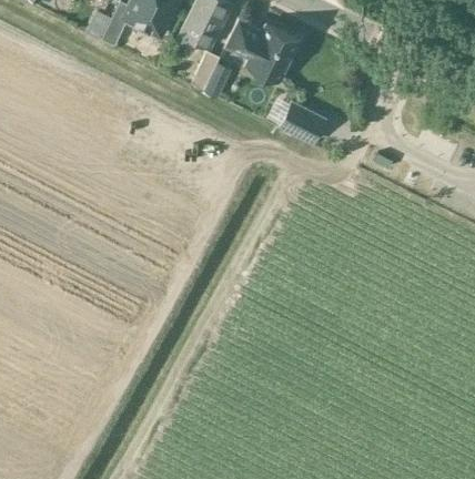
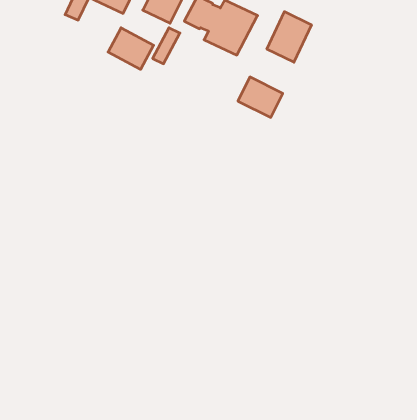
building: none -> [267,12,311,62]
building: none -> [108,28,154,69]

